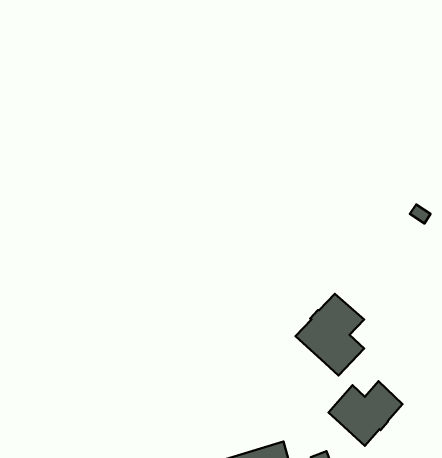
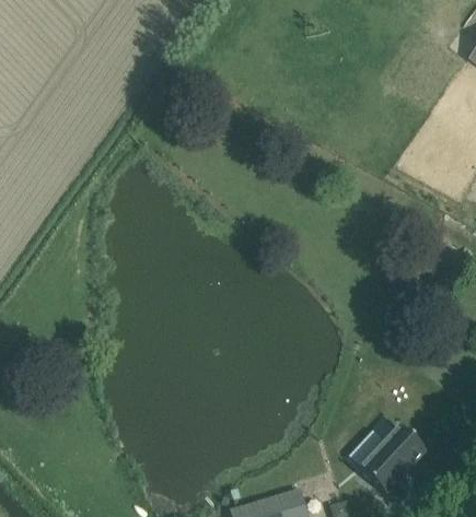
building: [296,294,364,375] -> none

